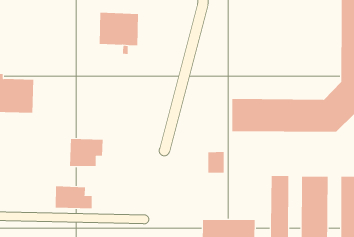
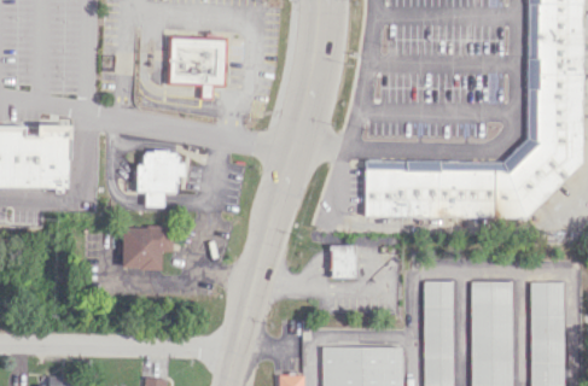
building: none -> [136,147,184,204]
building: [55,185,92,209] -> none

